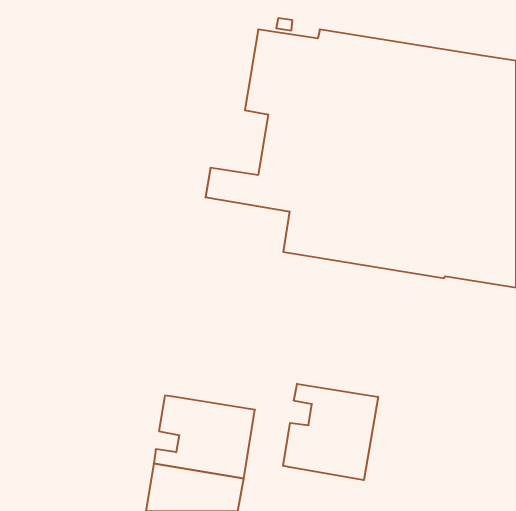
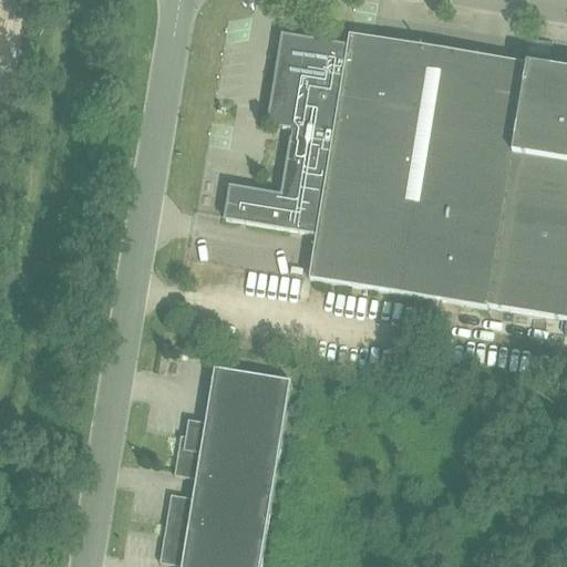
building: none -> [188,364,291,449]
building: [283,384,378,480] -> none

